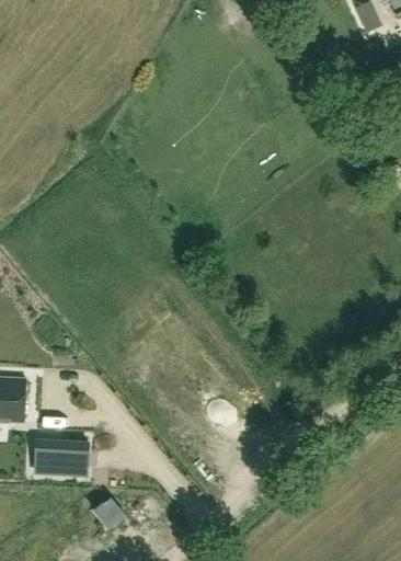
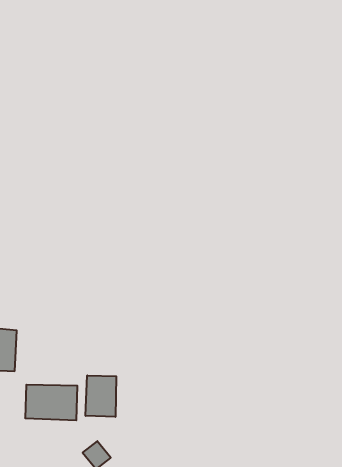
building: none -> [86,375,116,417]

